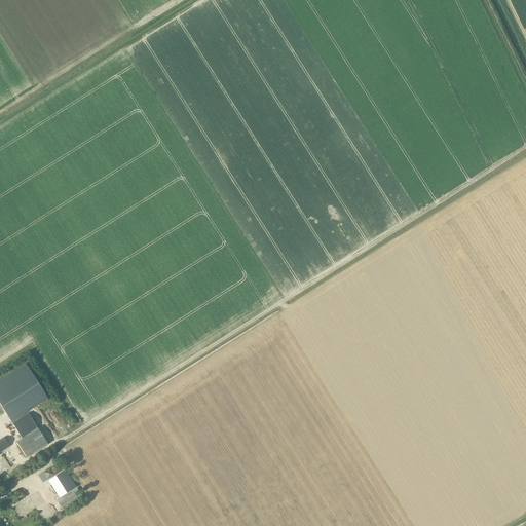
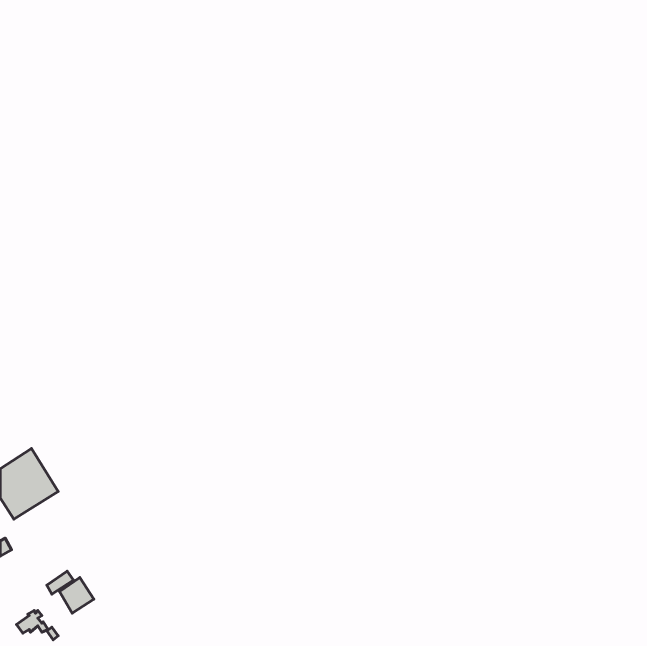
building: [12,413,46,456] -> none

